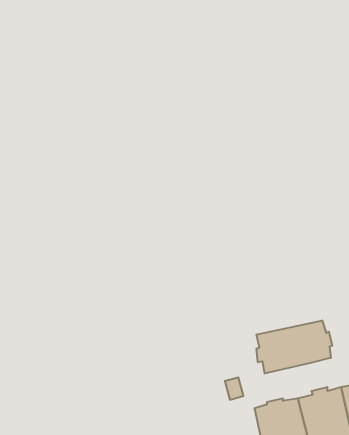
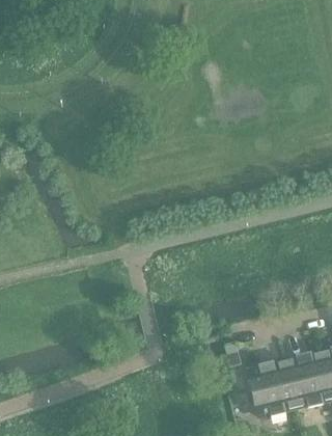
building: [257,320,332,374] -> none

